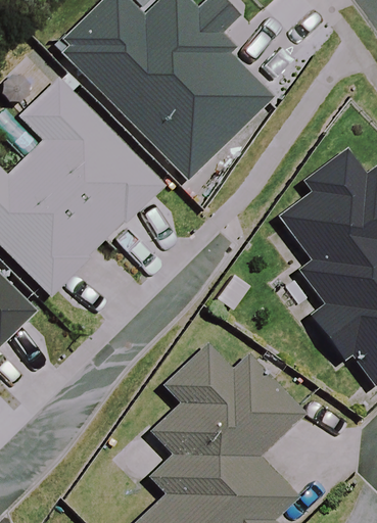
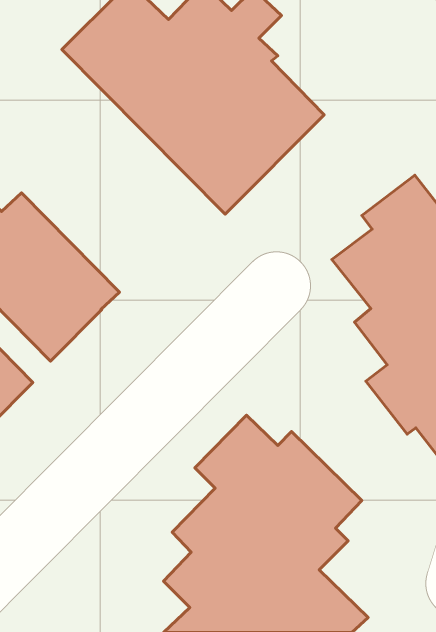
building: [18,79,163,240] -> none

